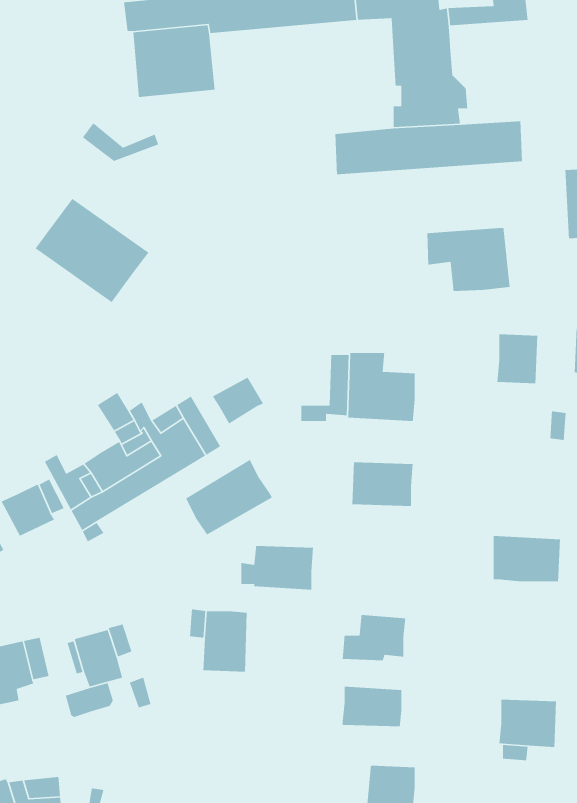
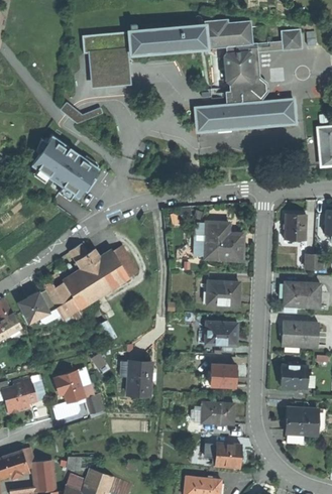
building: [427,227,510,292] -> none
building: [212,377,264,424] -> none
building: [185,459,273,535] -> none
building: none -> [279,281,319,306]
building: [240,545,314,591] -> [198,322,237,346]
building: none -> [279,364,307,387]

